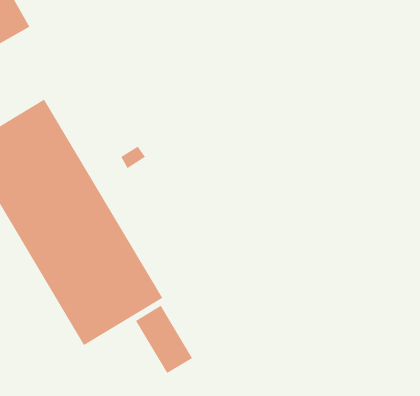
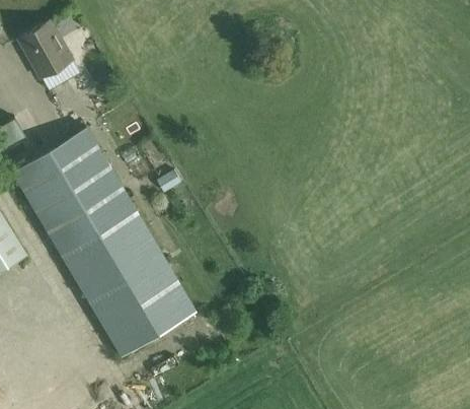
building: [135,305,193,374] -> none

